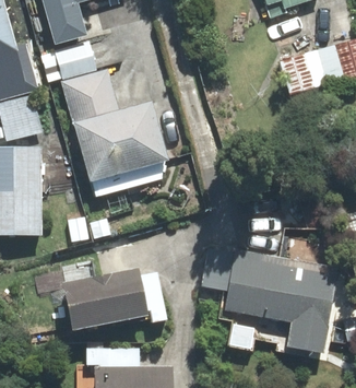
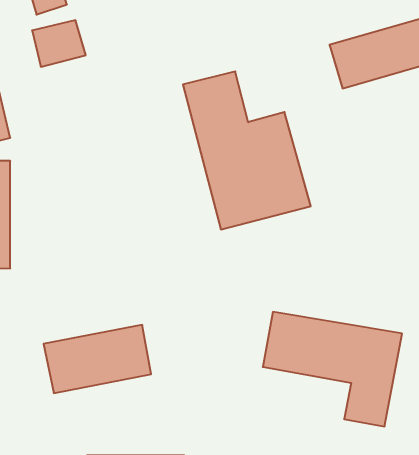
building: [66,74,162,193] -> [183,71,311,229]

